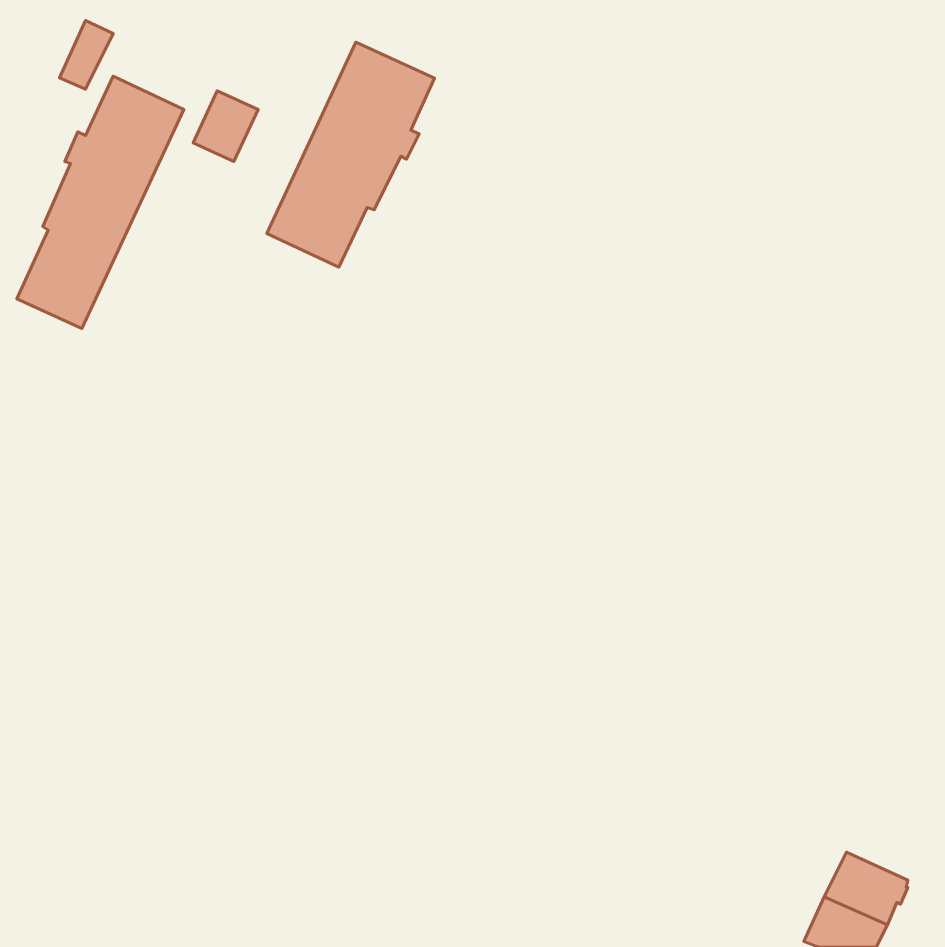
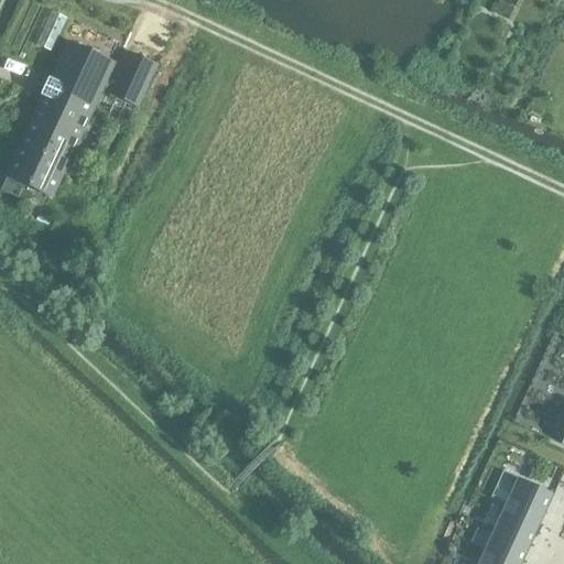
building: [267,42,435,267] -> none
building: none -> [502,478,552,522]

